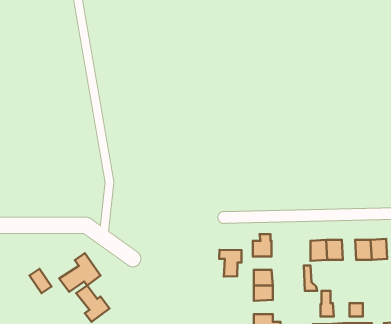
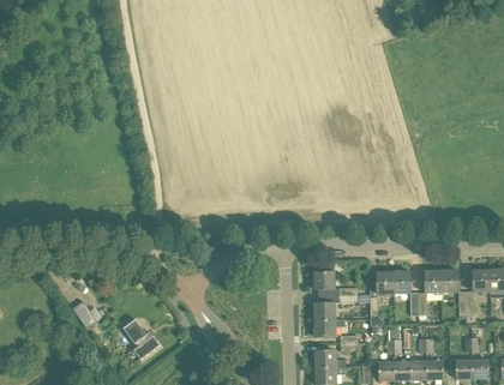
building: [219,250,241,276] -> none
building: [59,253,101,292] -> none

